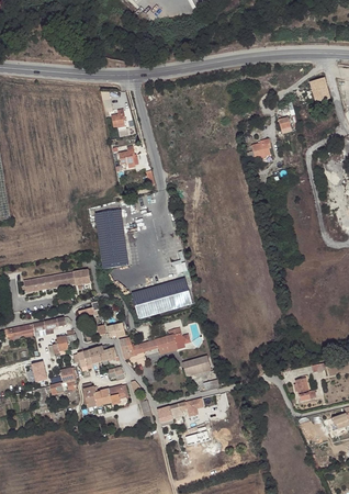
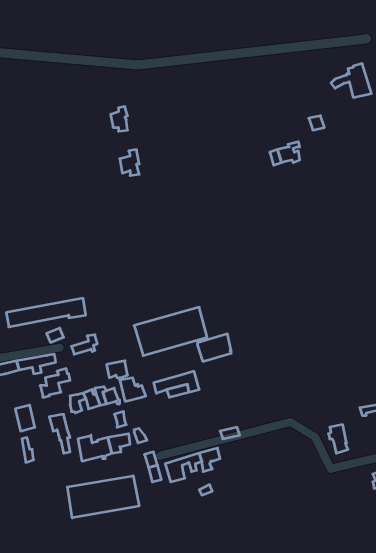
building: [95,210,128,268] -> none
building: [182,355,211,378] -> [197,334,231,361]
building: none -> [67,476,139,518]

